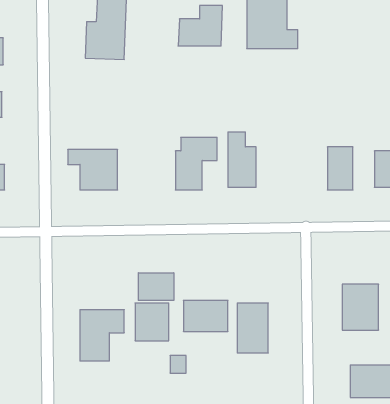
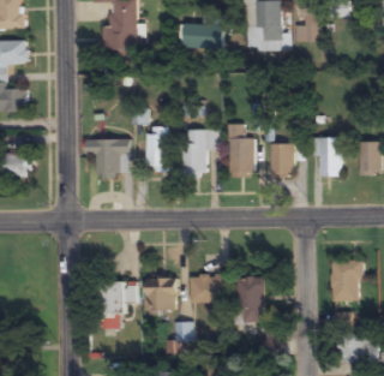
building: none -> [145,126,168,172]
building: none -> [270,144,293,177]
building: [138,273,174,300] -> none

